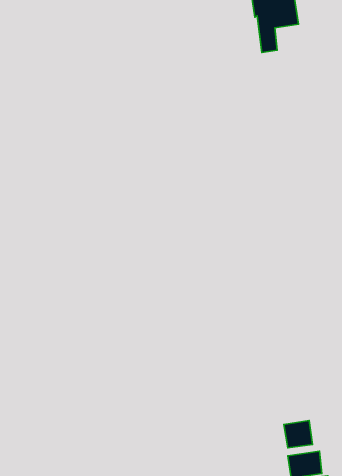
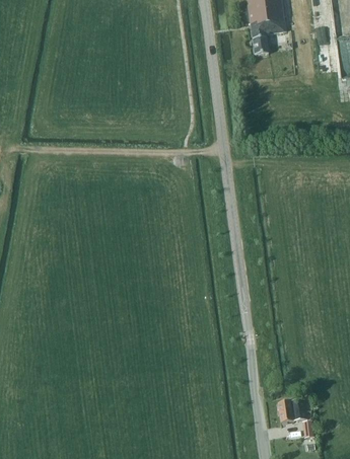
building: [284,421,312,448] -> none

